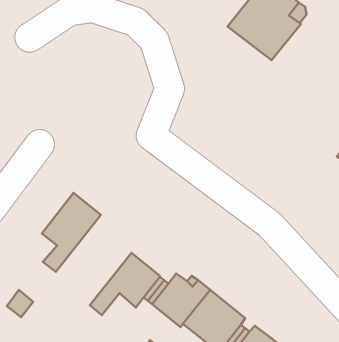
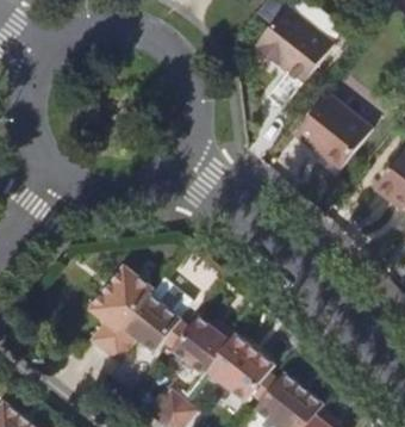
building: none -> [286,87,363,163]
building: [42,193,101,272] -> [89,265,154,351]

